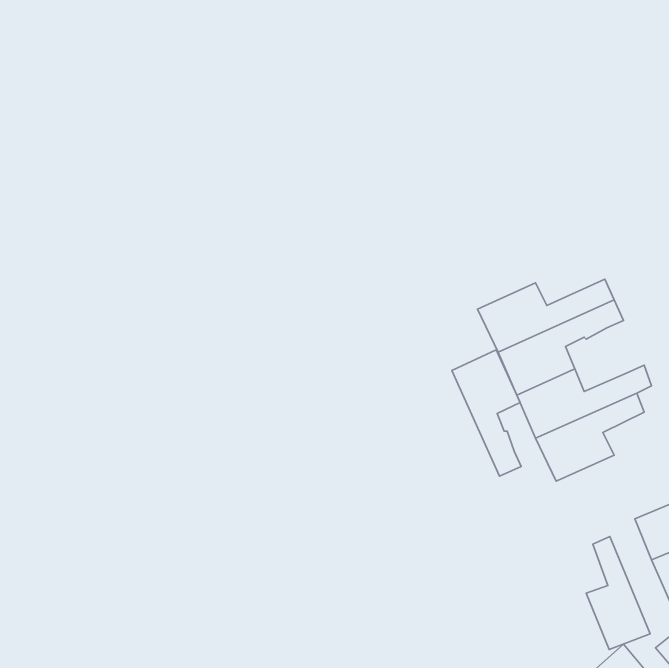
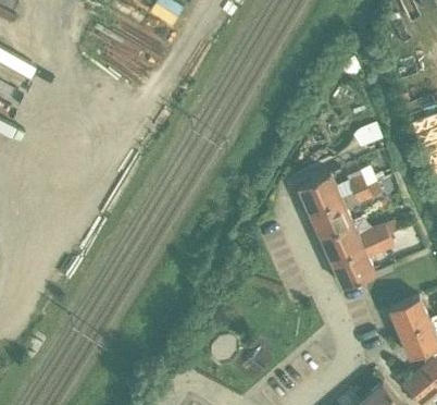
building: [452,350,521,476] -> none
building: [586,536,650,650] -> none

